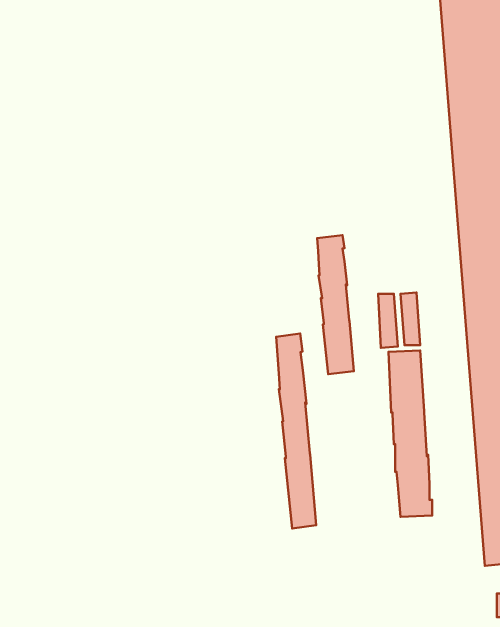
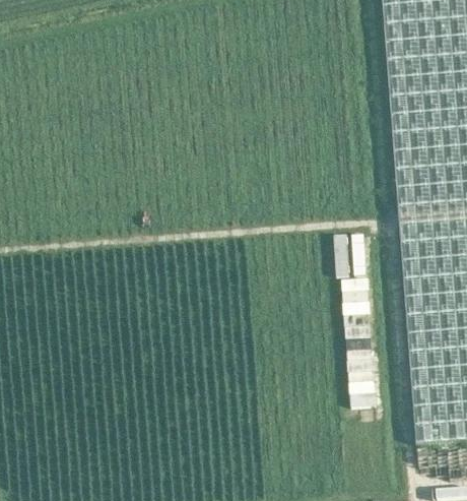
building: [317,235,354,374] -> none
building: [276,333,316,529] -> none

